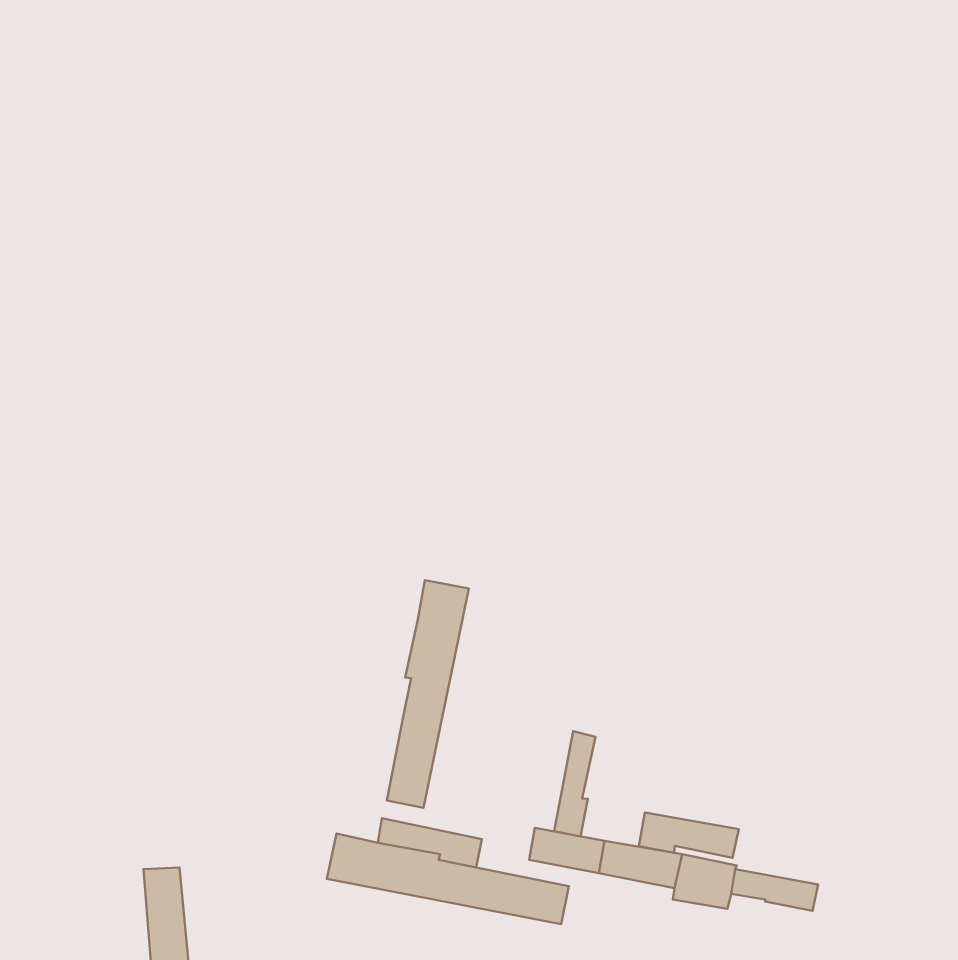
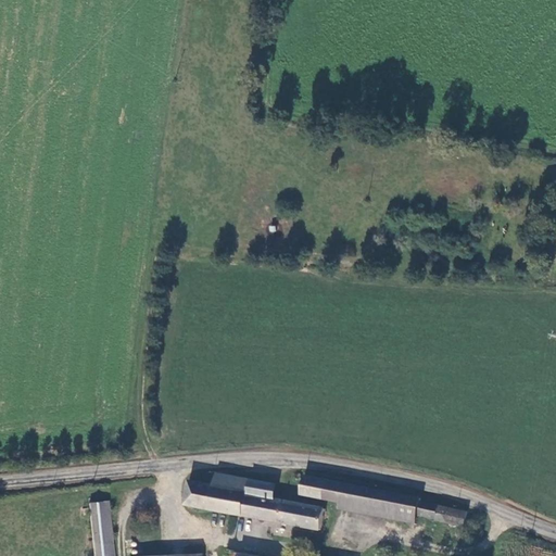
building: [387,580,469,808] -> none
building: [554,731,595,836] -> none
building: [639,813,739,858] -> none

